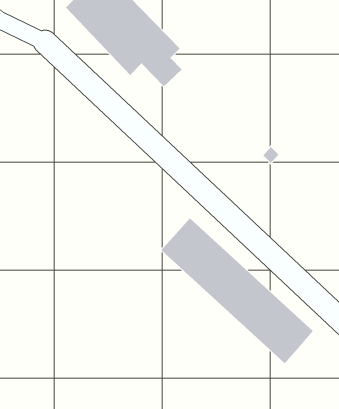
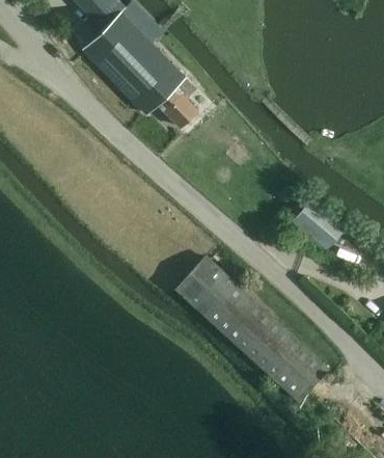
building: none -> [294,201,344,249]

